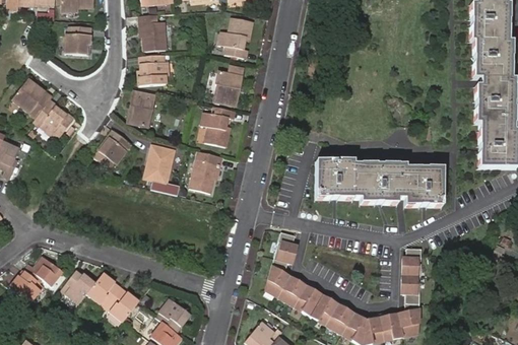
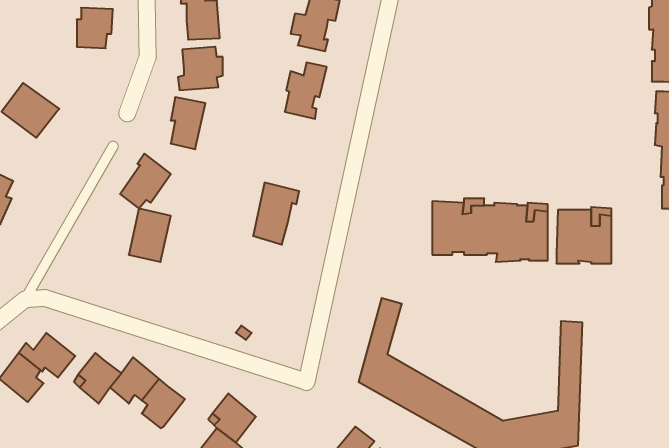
building: [35,100,76,139] -> none
building: [200,107,232,147] -> none
building: [144,145,174,183] -> [129,209,171,262]

